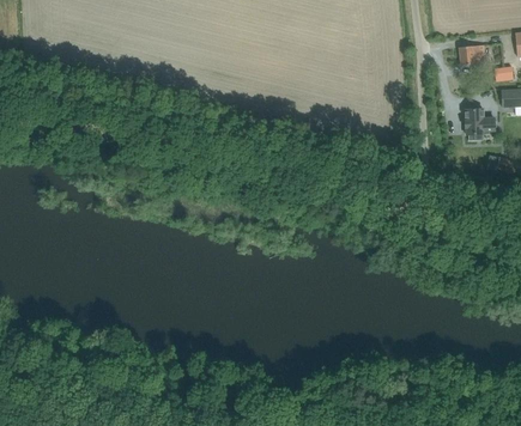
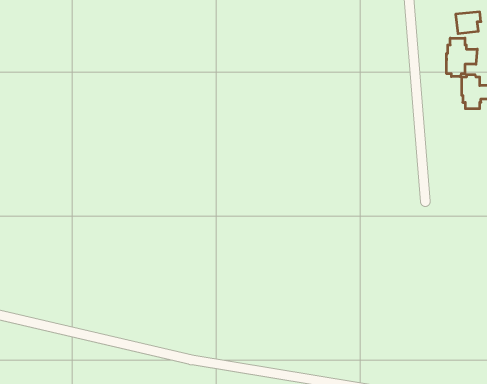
building: none -> [447,38,477,77]

